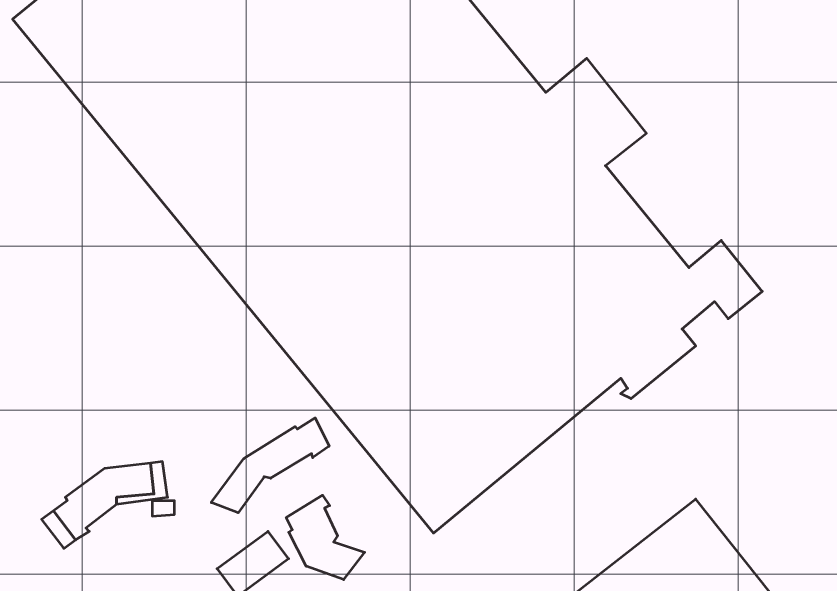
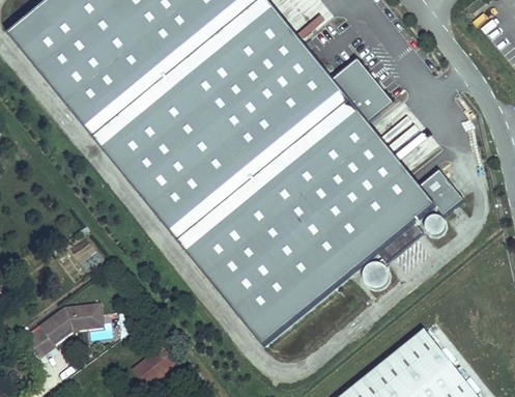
building: [211,418,329,513] -> none
building: [286,495,365,580] -> none

